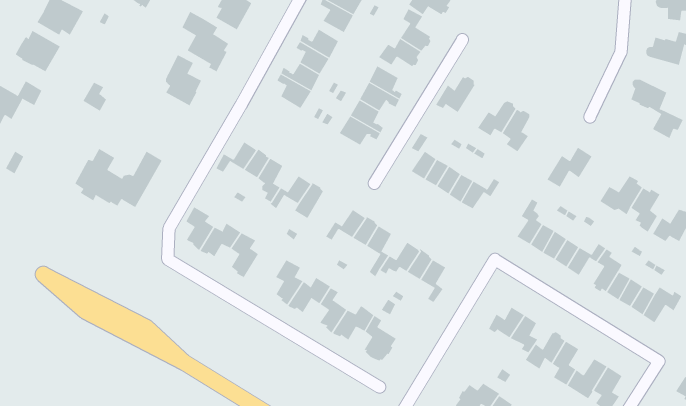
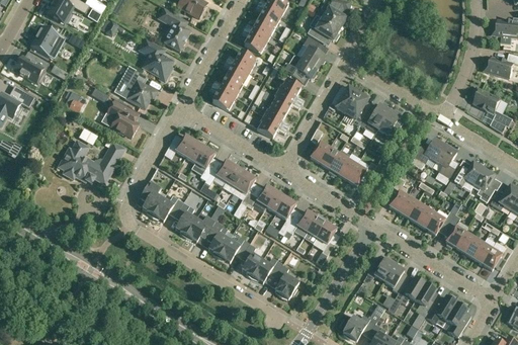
building: none -> [345,92,368,125]
building: none -> [107,100,139,138]
building: none -> [435,146,456,184]
building: none -> [233,172,255,205]
building: none -> [185,215,217,242]

